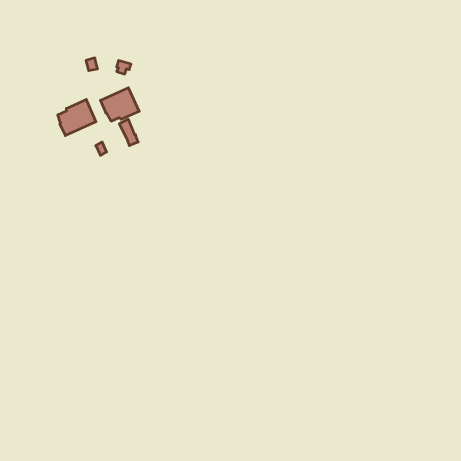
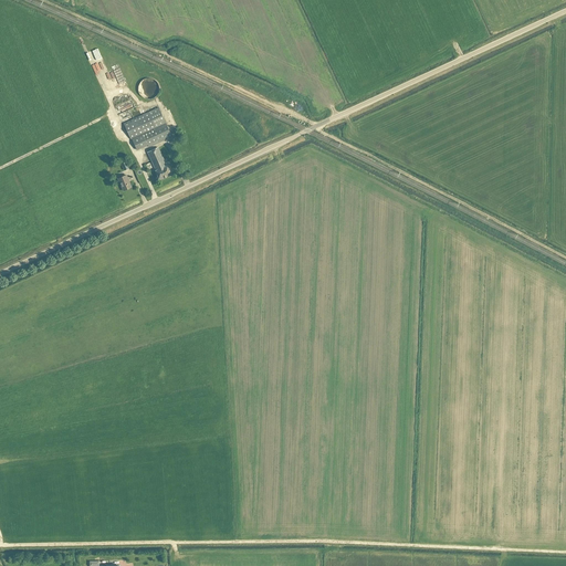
building: [58,99,96,136] -> none

